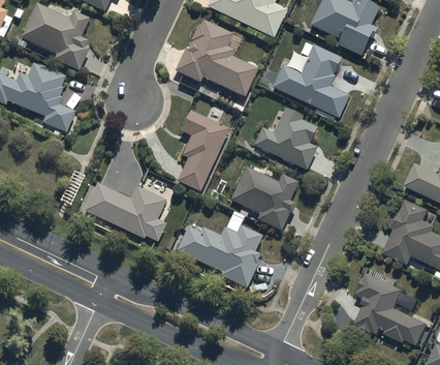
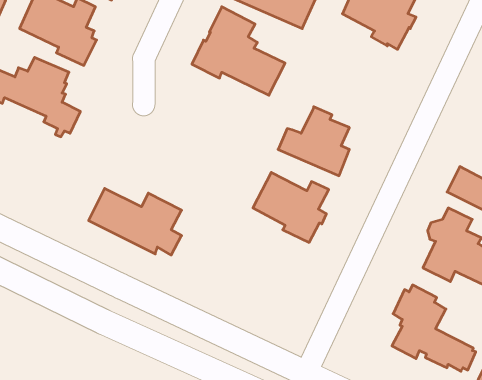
building: [273,41,350,120] -> none
building: [177,111,228,190] -> none
building: [177,224,262,287] -> none

